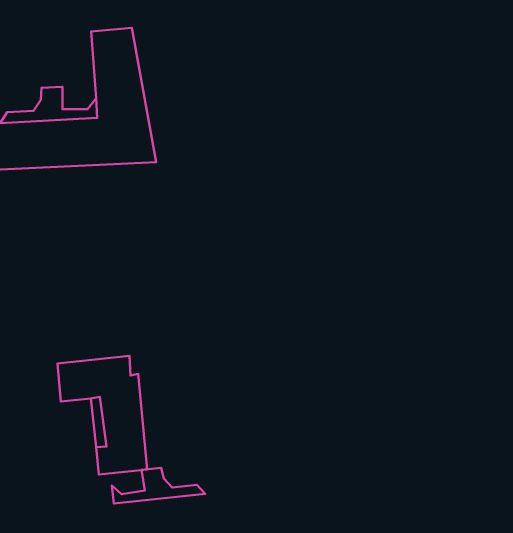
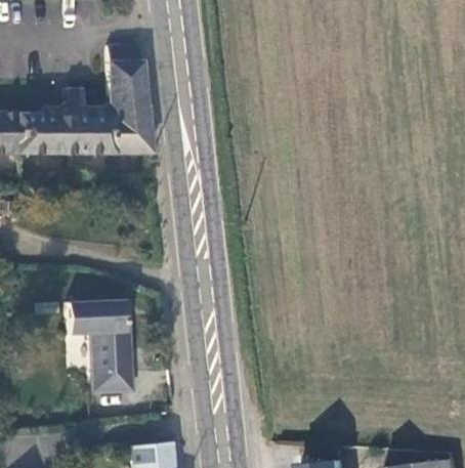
building: [112,468,205,504] -> none

